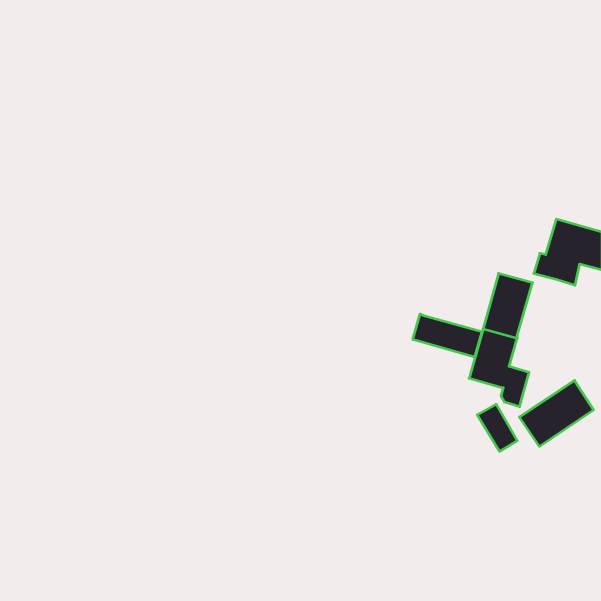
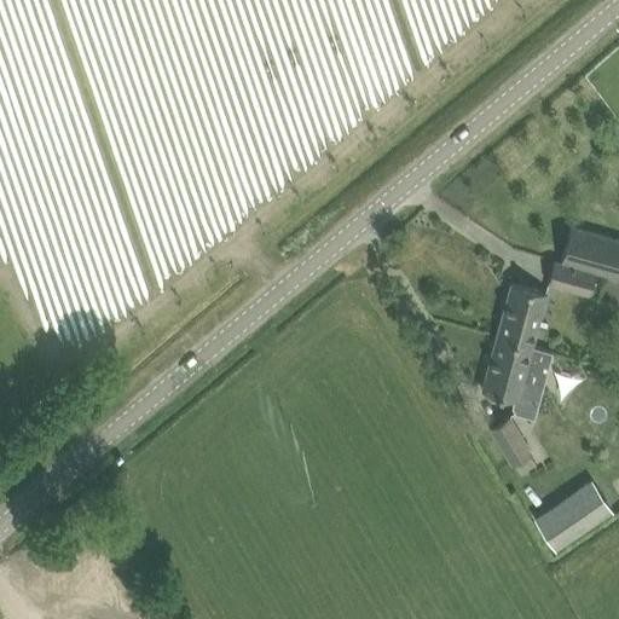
building: [413,314,482,357] -> none
building: [519,380,593,446] -> [533,492,609,560]

